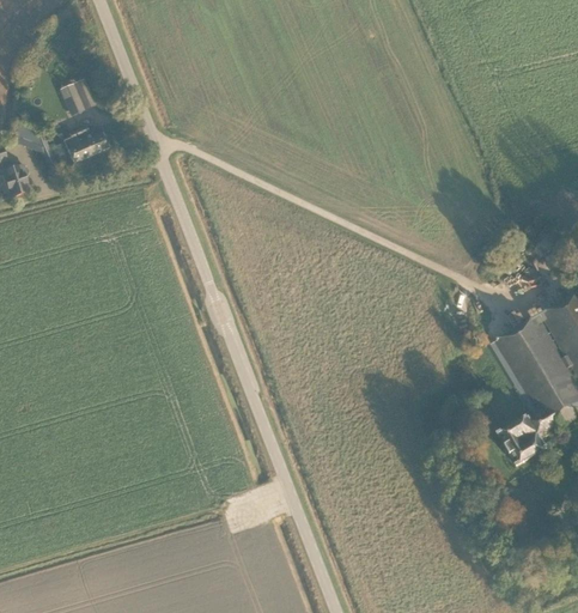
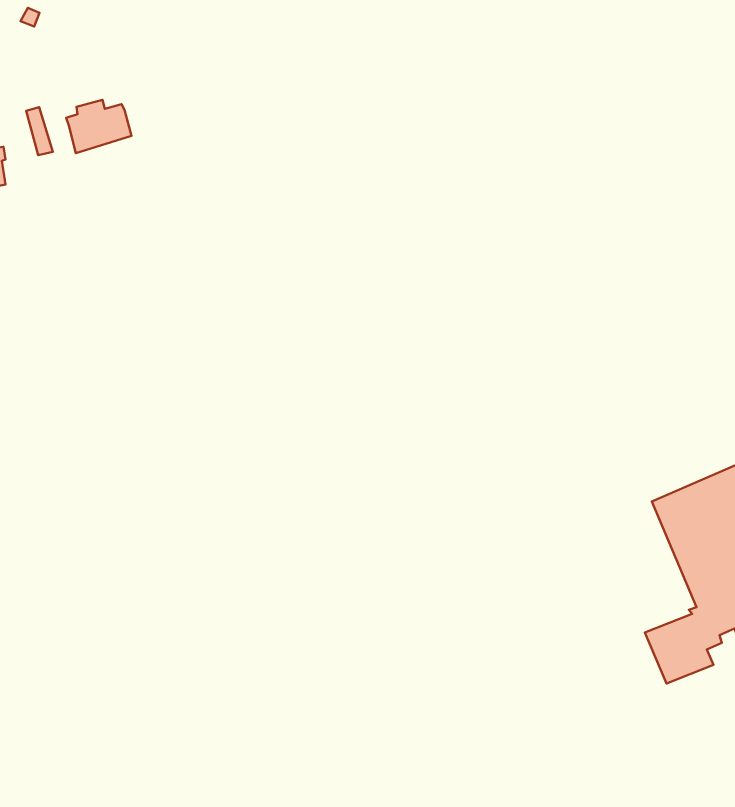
building: [59,78,96,116] -> none

